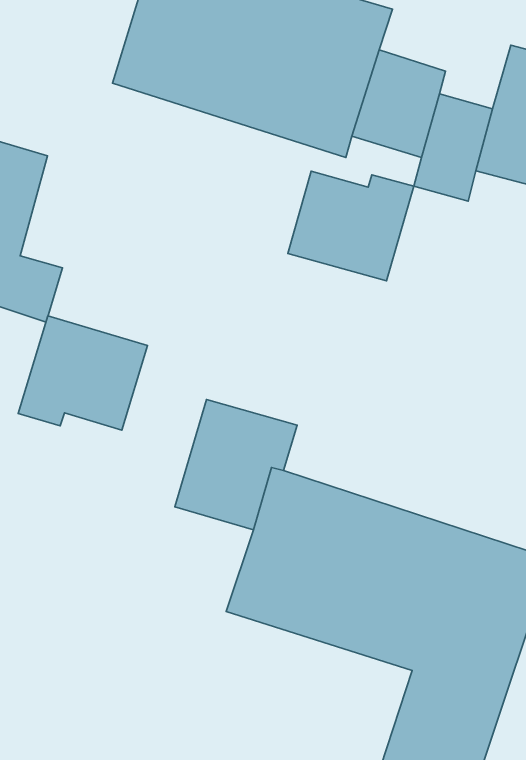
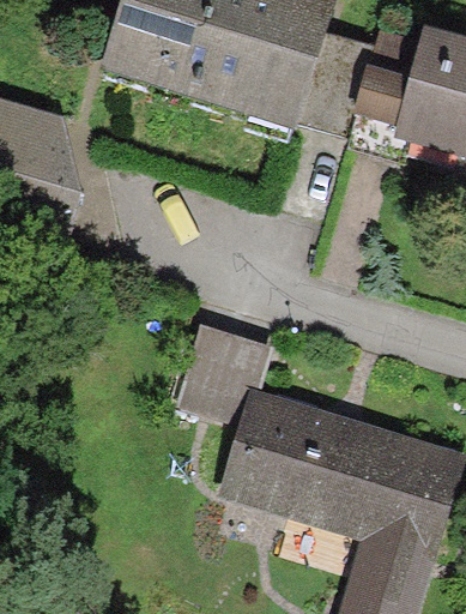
building: [288,171,414,281] -> none
building: [18,316,147,430] -> none

